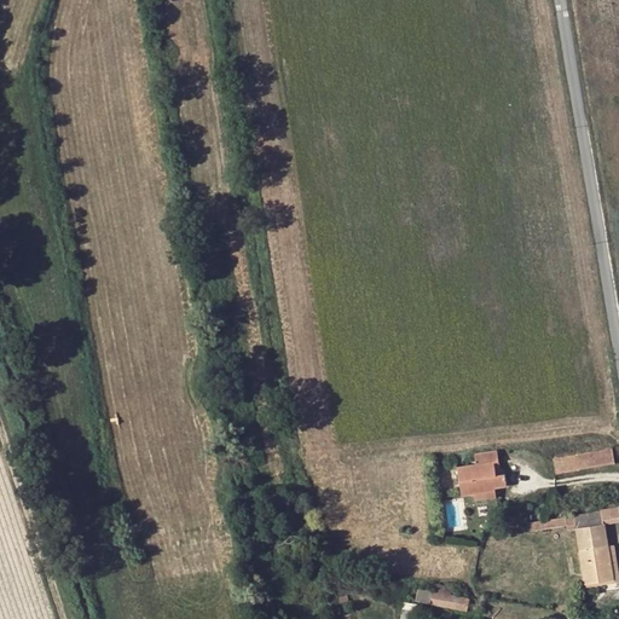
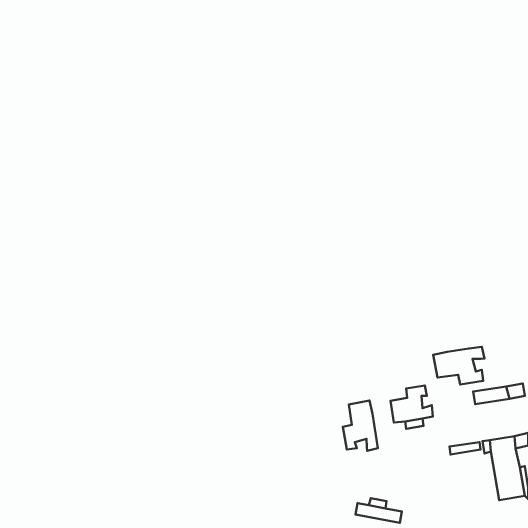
building: none -> [433,347,485,384]
building: none -> [343,400,378,451]

